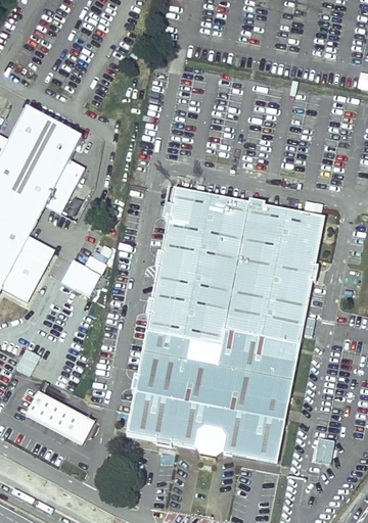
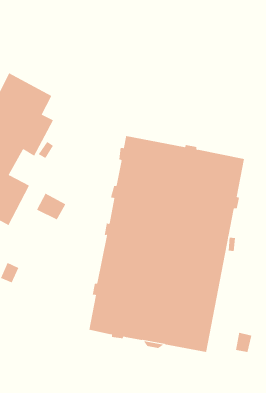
building: [25,389,95,445] -> none

